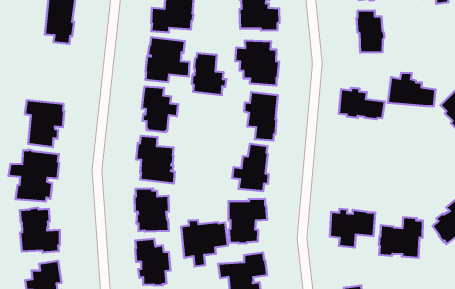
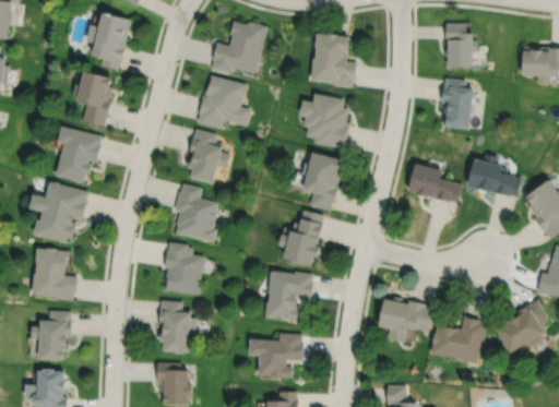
building: none -> [72,70,110,125]
building: [192,53,226,95] -> none
building: [181,220,228,266] -> none

